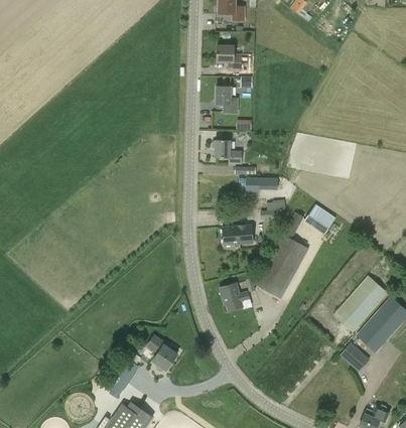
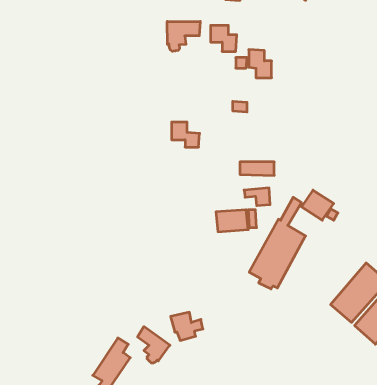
building: none -> [167,21,200,51]
building: [216,86,238,113] -> [249,50,272,78]
building: [215,140,242,164] -> [172,122,200,147]
building: [219,283,250,310] -> [171,312,203,340]
building: [340,342,370,372] -> none

